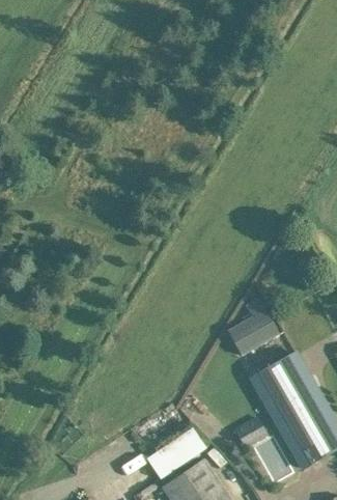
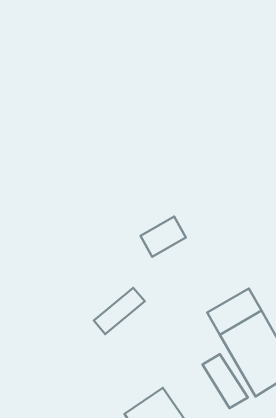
building: [228,312,277,356] -> [140,216,186,257]
building: [151,428,206,478] -> [94,288,145,334]

